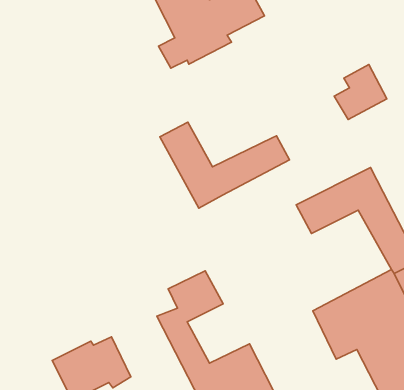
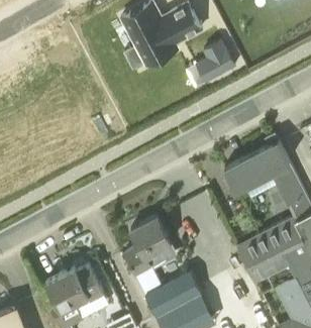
building: [334,64,387,120] -> [196,43,234,84]
building: [160,122,290,208] -> none

